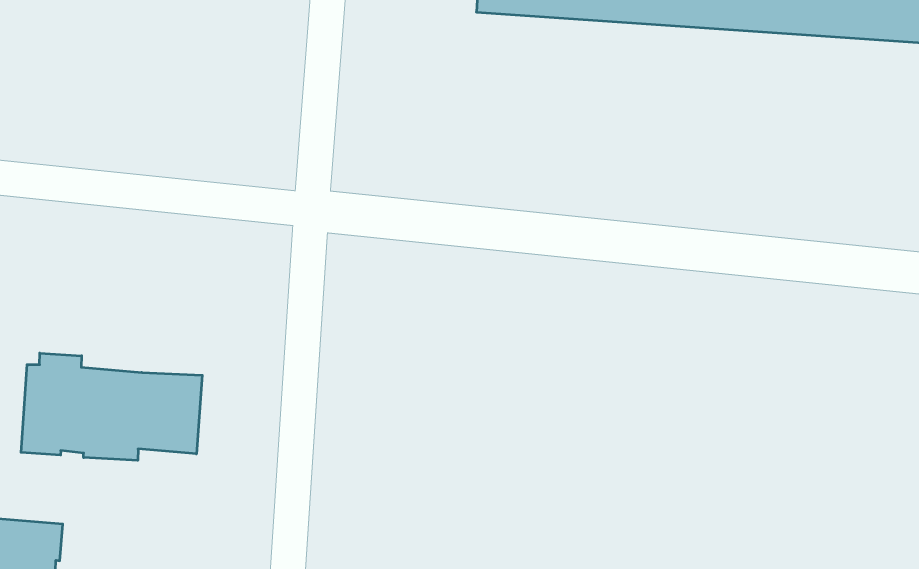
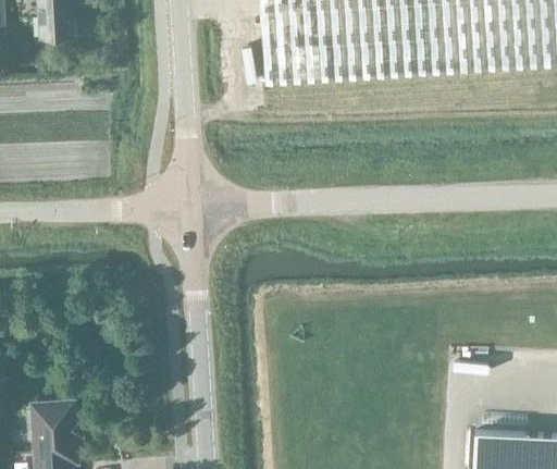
building: [21,353,202,460] -> none

